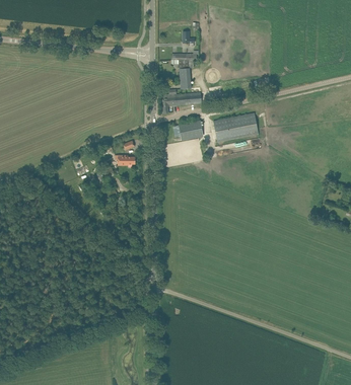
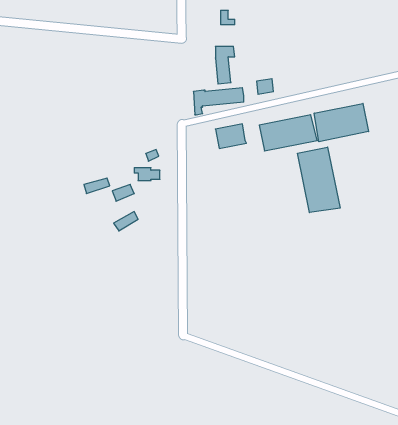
building: none -> [314,103,369,142]
building: none -> [298,147,340,213]

